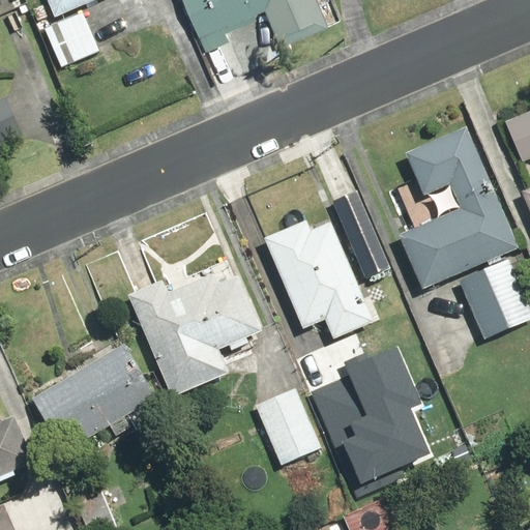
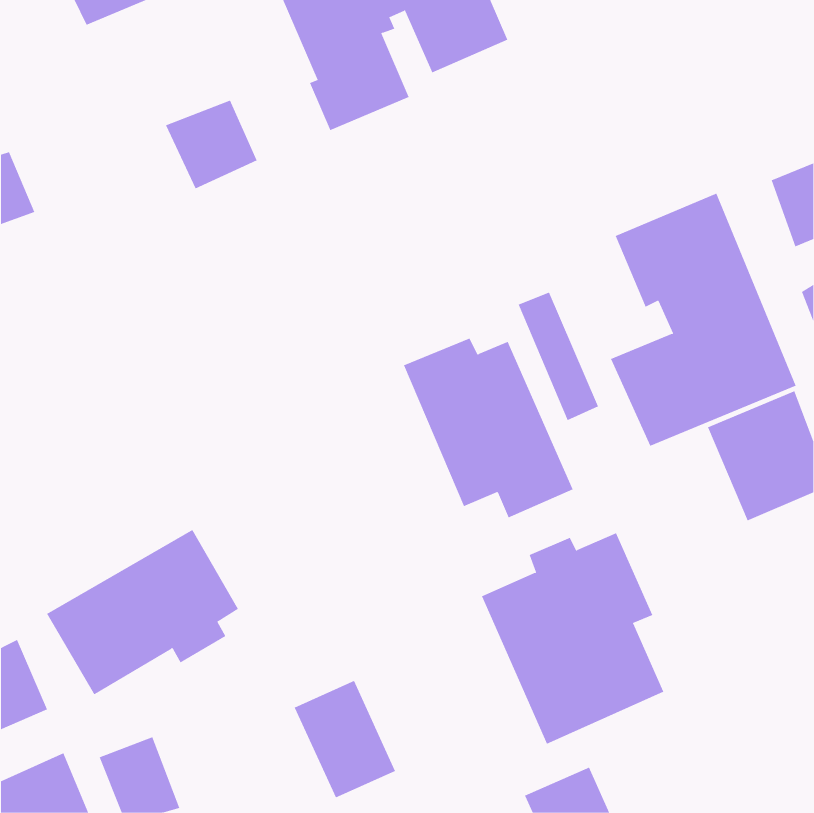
building: [42,12,102,70] -> [165,100,257,189]
building: [127,272,262,398] -> none
building: [255,388,321,465] -> [294,680,396,798]

